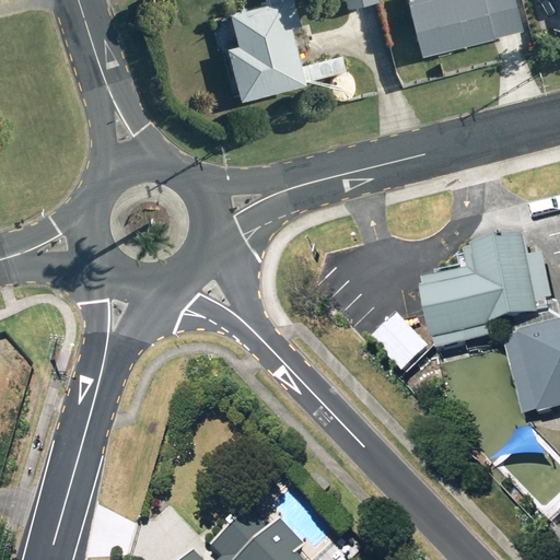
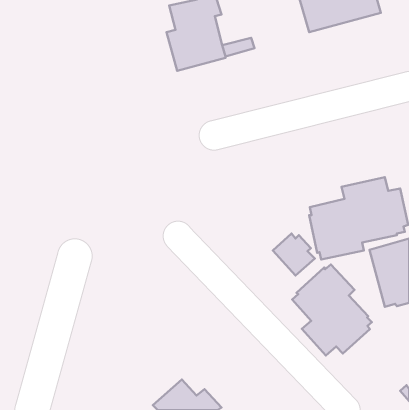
building: none -> [292,264,372,355]

